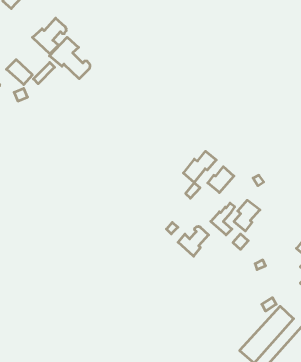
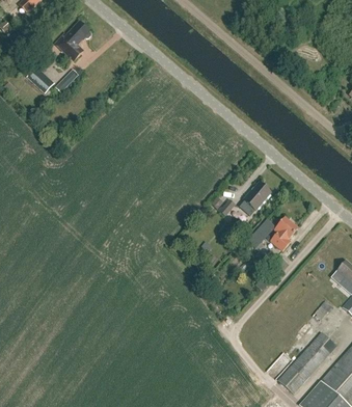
building: [49,37,90,79] -> none
building: [183,151,216,183] -> none
building: [178,226,209,256] -> none

